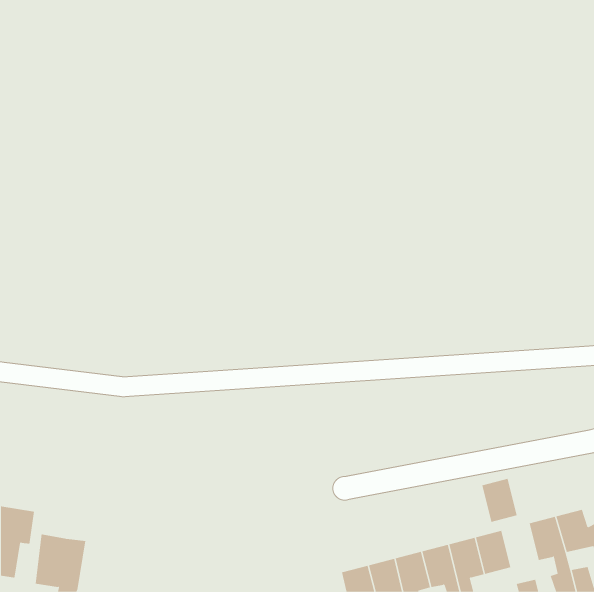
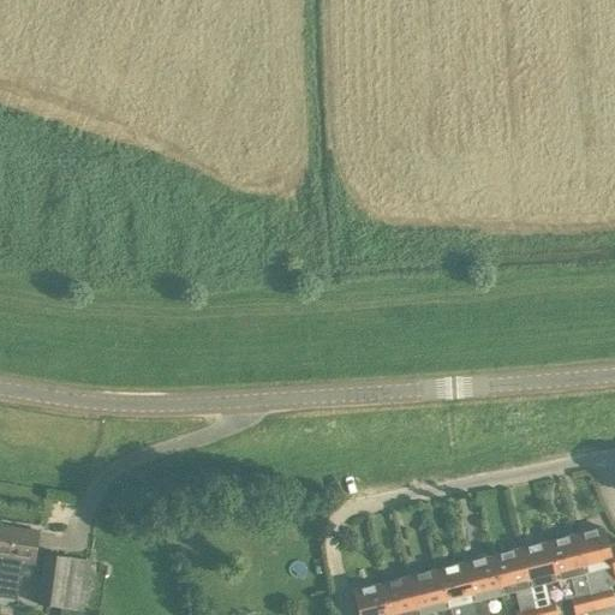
building: [481,478,518,522] -> [519,539,556,585]

